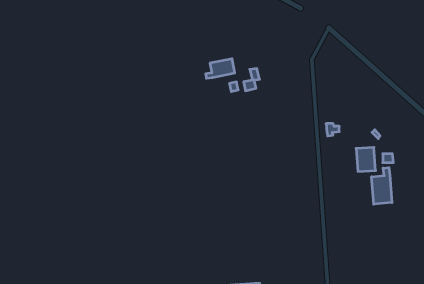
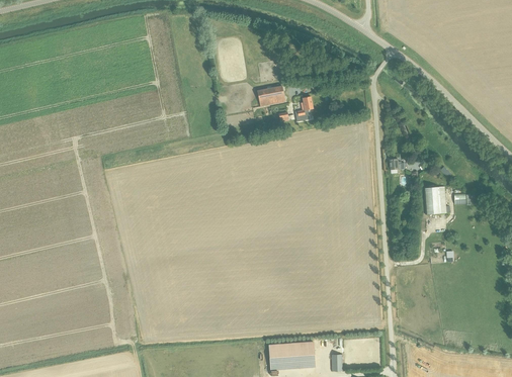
building: [372,168,392,204] -> none

